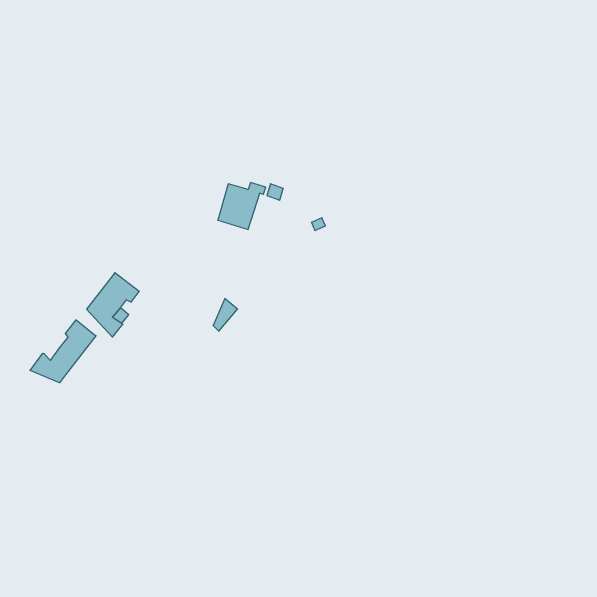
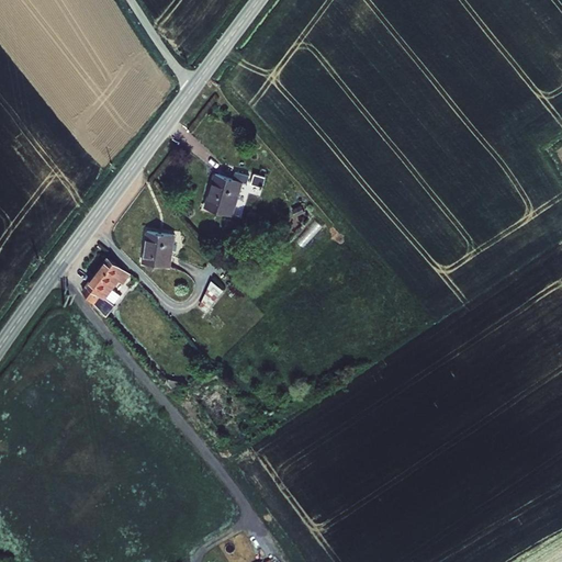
building: none -> [142,231,175,268]
building: [30,320,96,383] -> none

